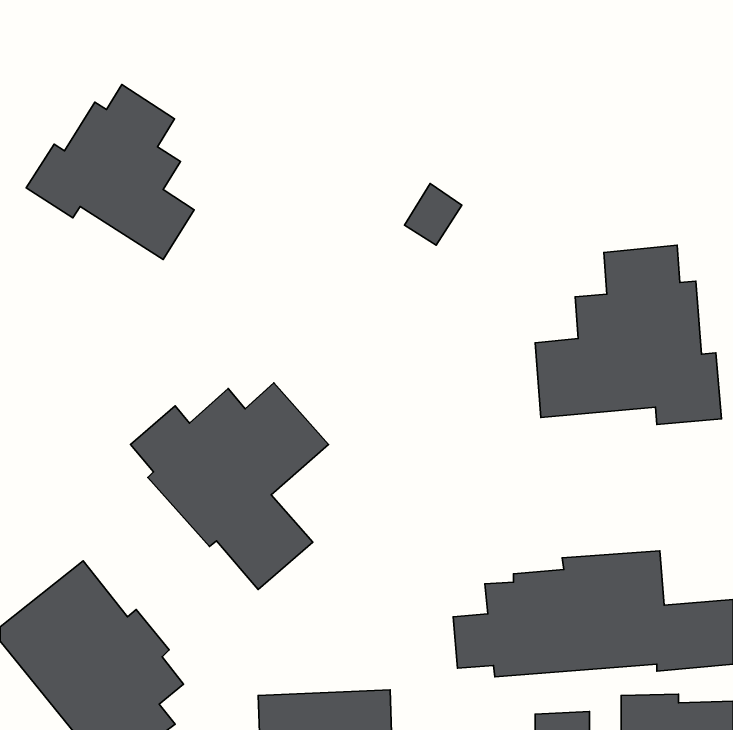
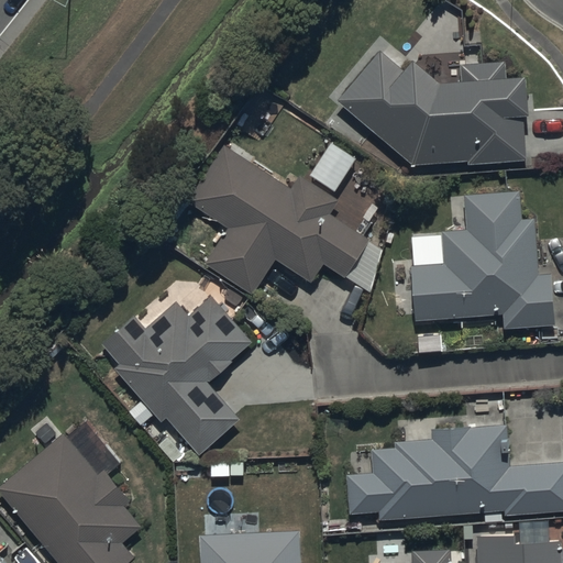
building: none -> [335,49,527,165]
building: [26,85,194,260] -> none
building: none -> [186,145,368,295]

